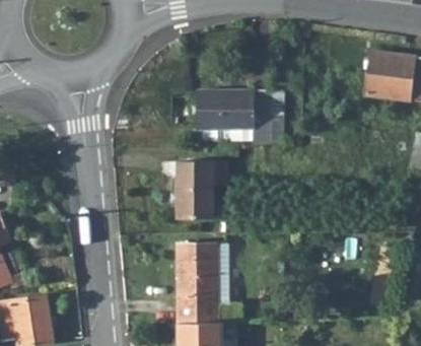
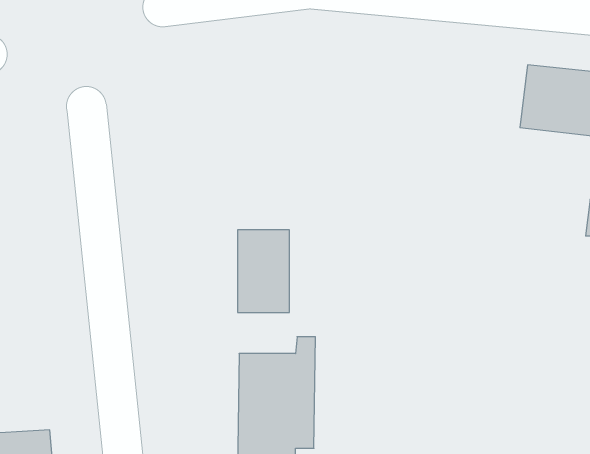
building: [197,90,269,144] -> none

